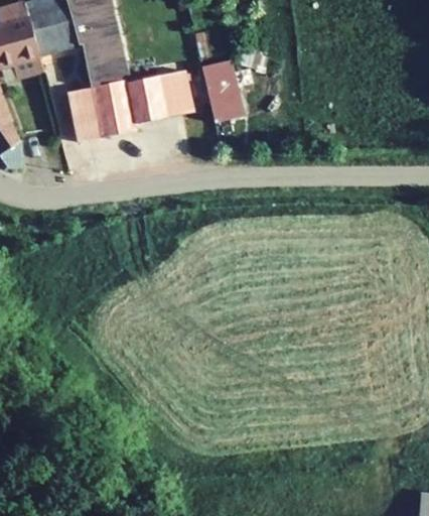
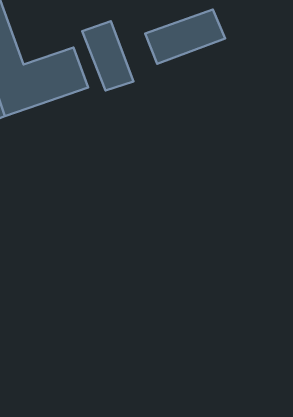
building: none -> [145,10,225,64]

